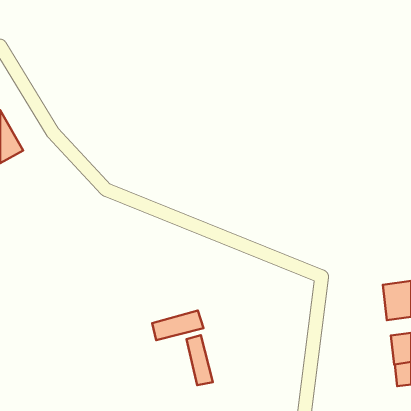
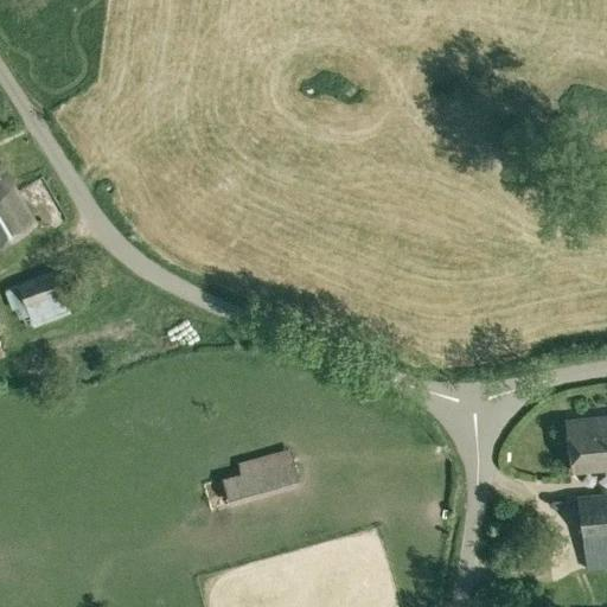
building: none -> [6,266,78,320]
building: [187,335,213,385] -> none

